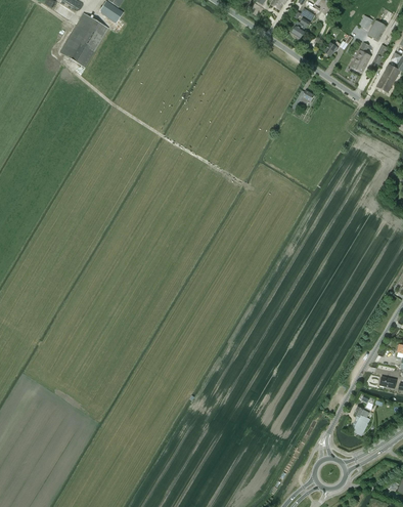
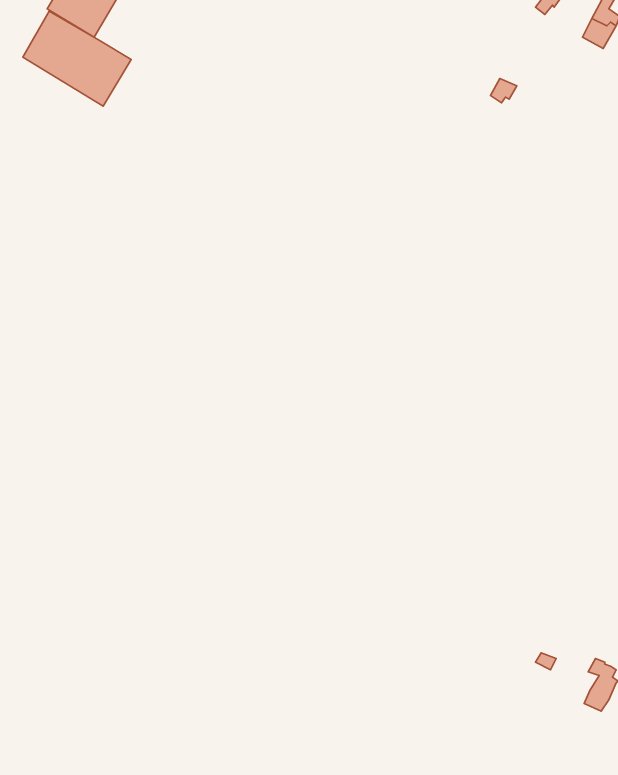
building: none -> [23,11,131,106]

